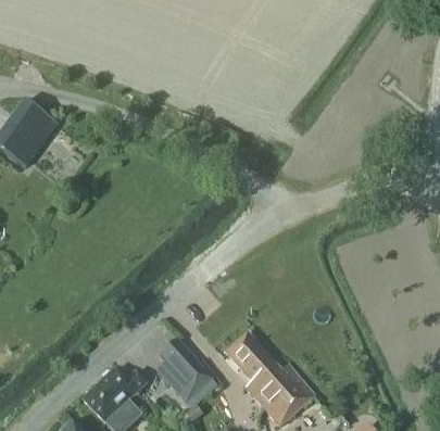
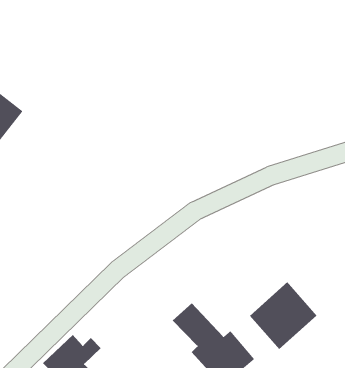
building: none -> [249,281,317,350]
building: [160,340,211,393] -> none

